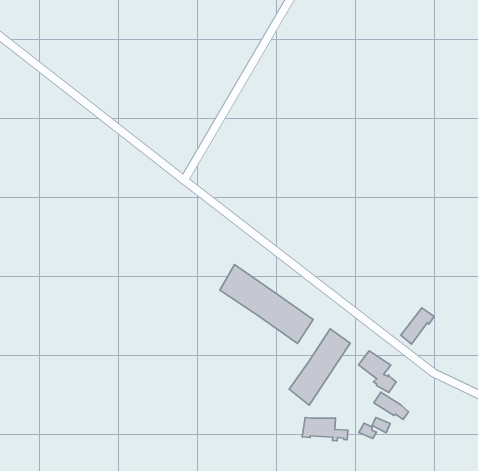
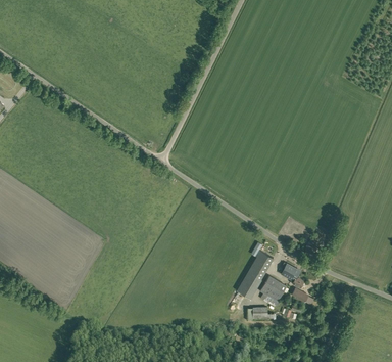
building: [220,264,313,343] -> none
building: none -> [259,274,289,306]

